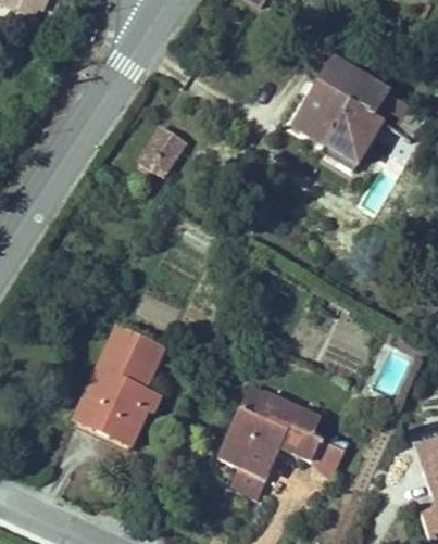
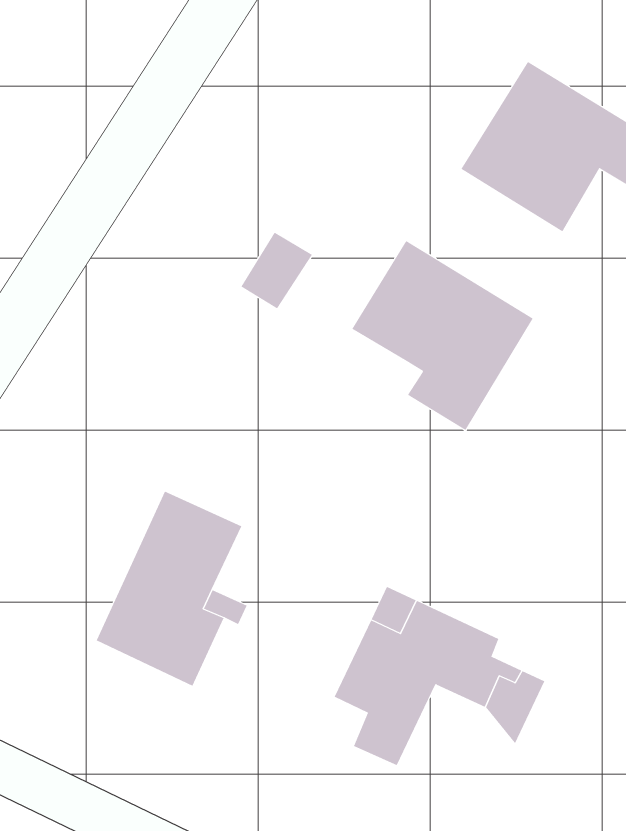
building: [139,129,184,177] -> [241,232,313,309]
building: none -> [351,240,533,431]

